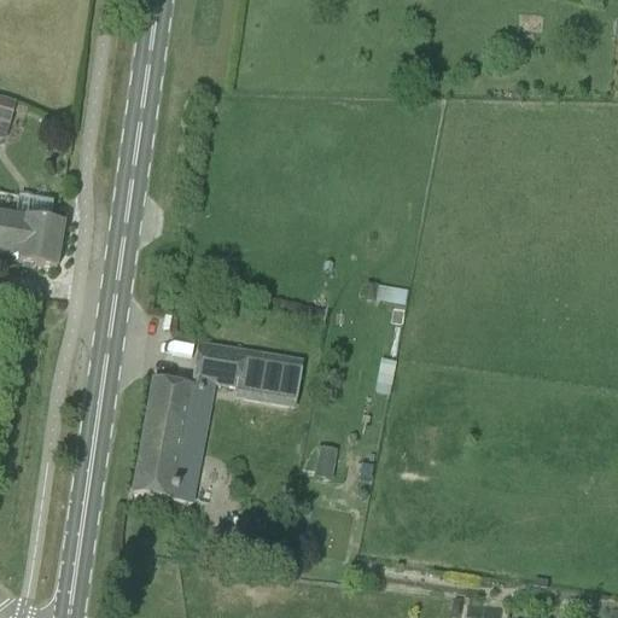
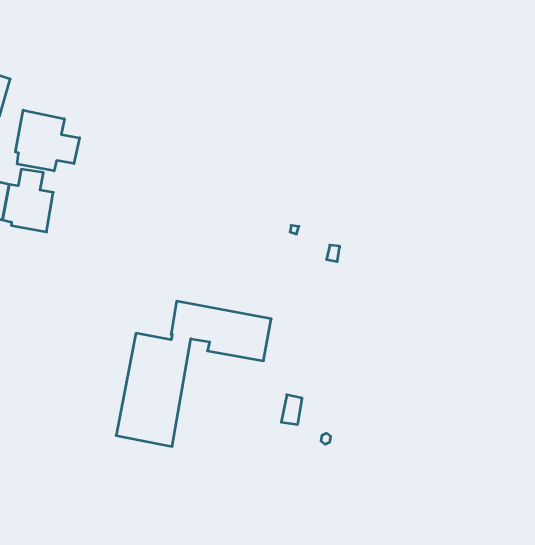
building: none -> [15,110,80,171]

